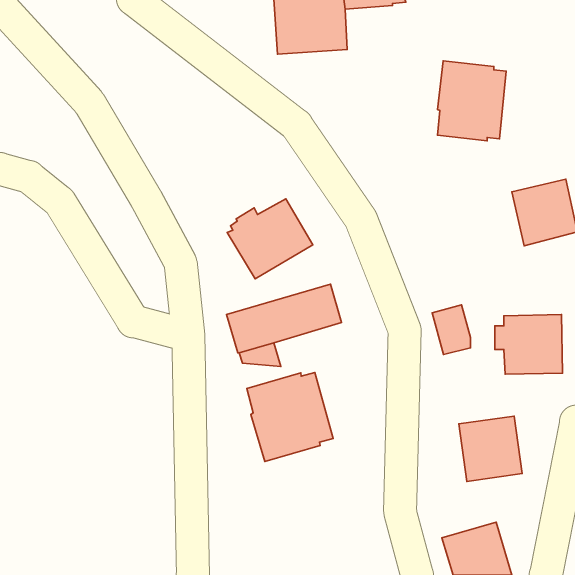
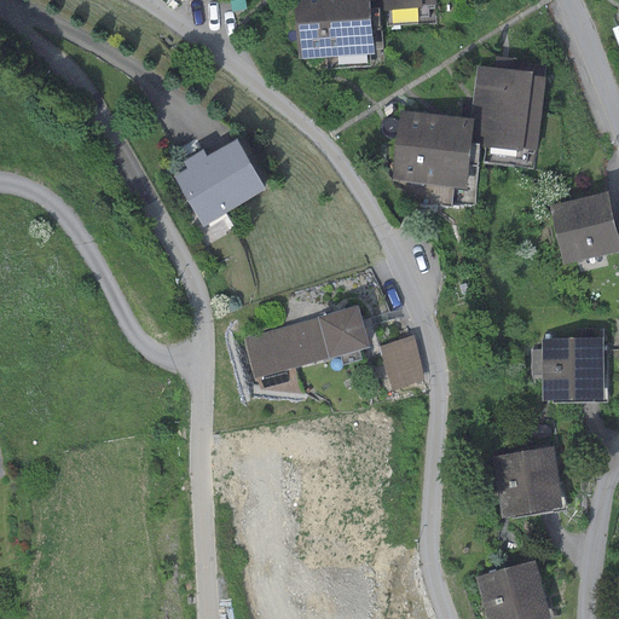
building: none -> [393,111,473,187]
building: [227,199,313,279] -> [173,139,265,225]
building: [432,305,471,355] -> [382,336,423,389]
building: [247,372,333,462] -> none

